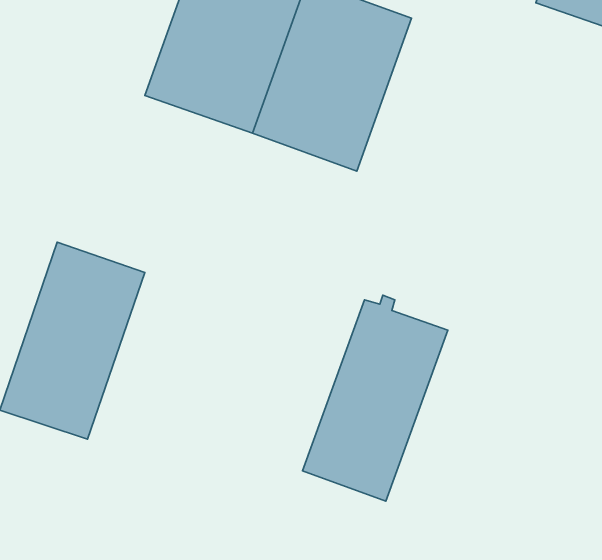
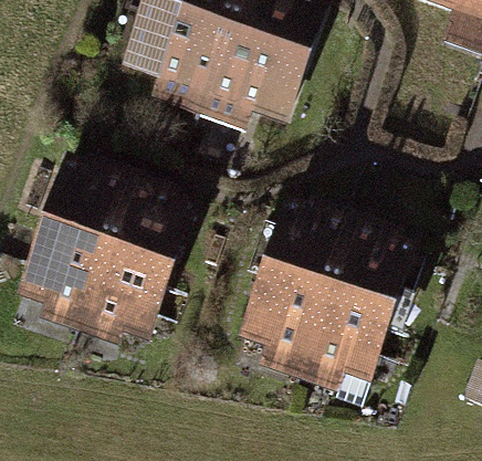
building: none -> [80,207,184,350]
building: none -> [297,249,406,396]

